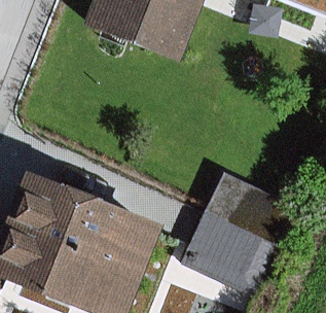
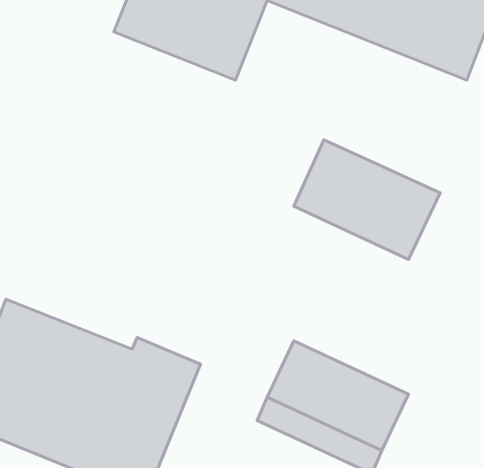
building: [207,171,297,245] -> [294,140,440,259]

